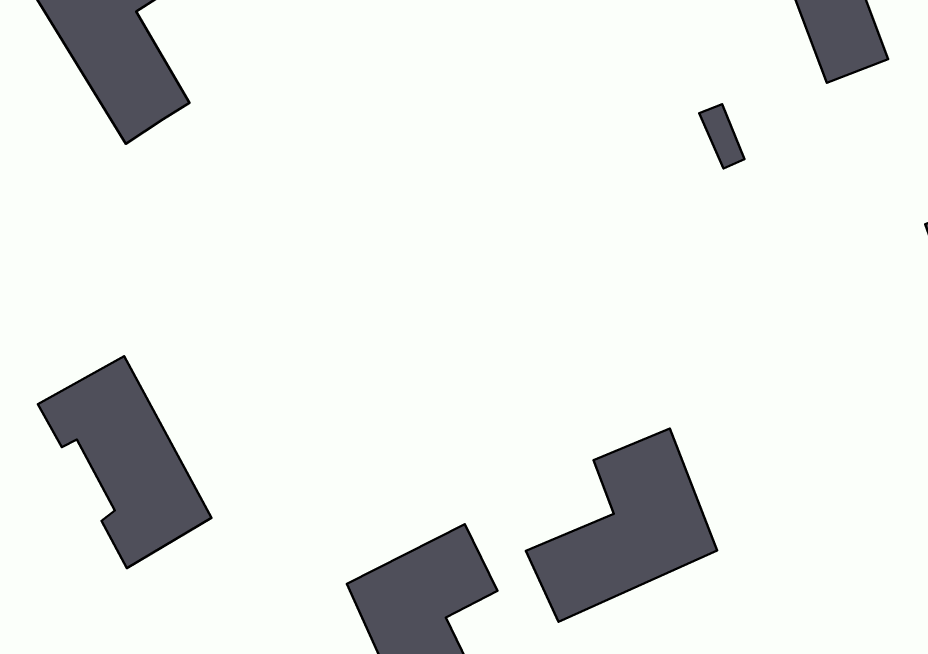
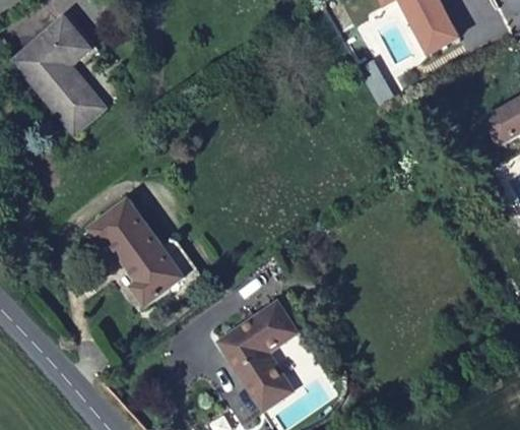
building: [38,356,212,568] -> [87,199,184,307]
building: [526,428,717,622] -> none

